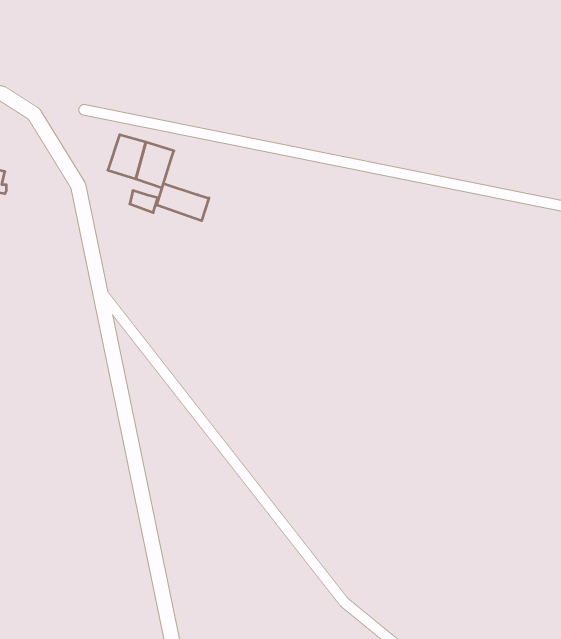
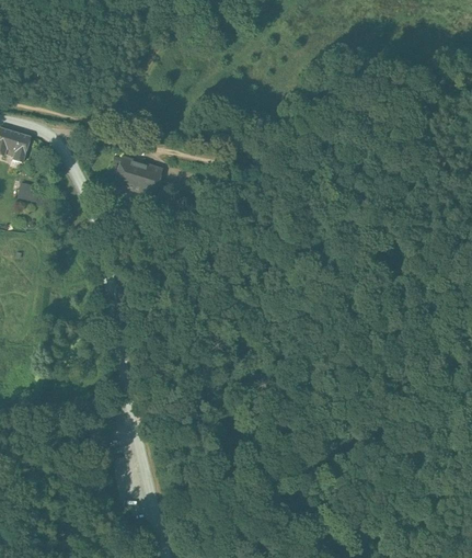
building: [157,184,209,221] -> none

